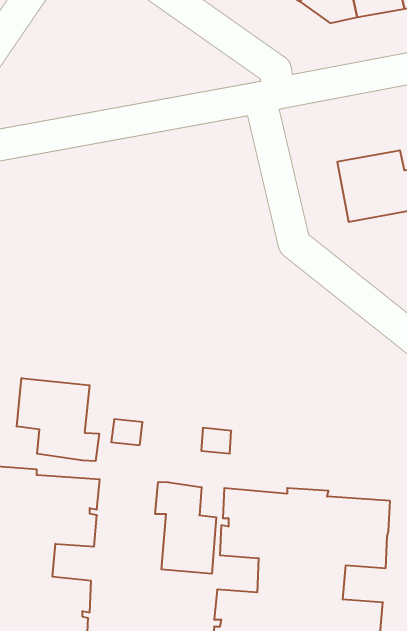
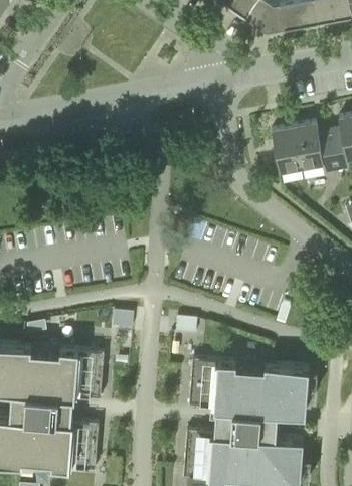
building: [17,378,99,461] -> none
building: [155,482,216,574] -> none

